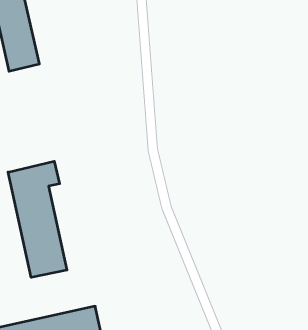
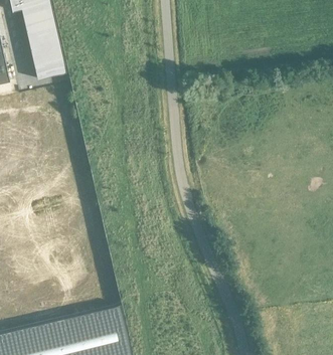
building: [8,161,67,277] -> none

